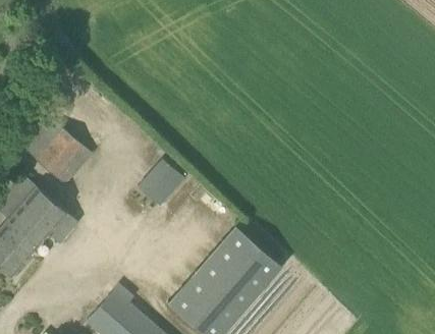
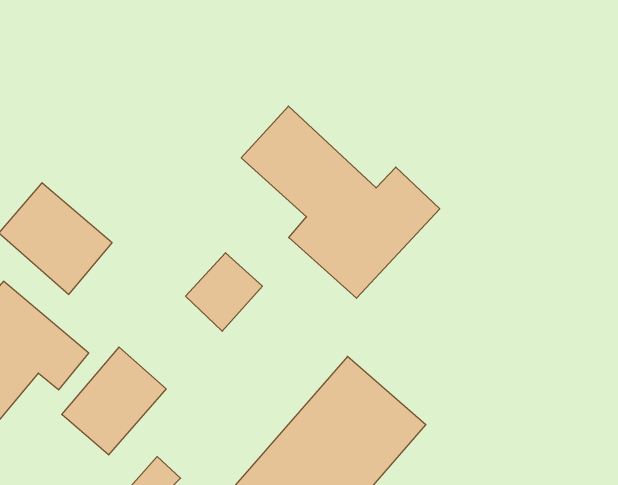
building: none -> [241,106,440,298]
building: none -> [62,347,166,455]

